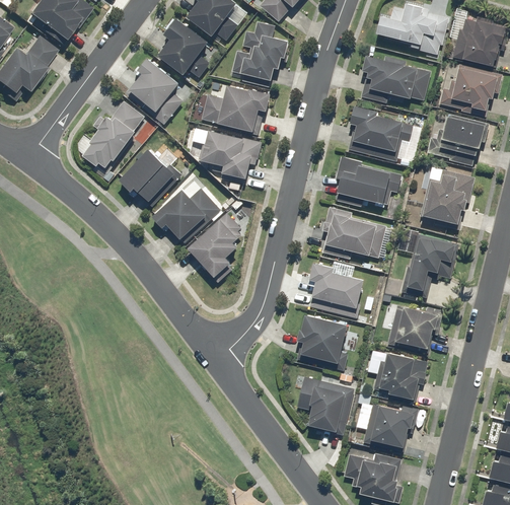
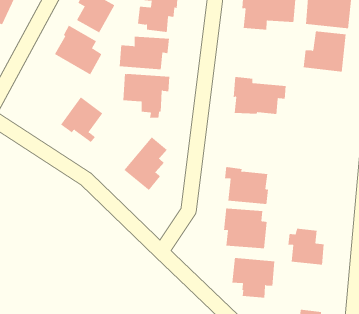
building: [78,100,145,181] -> none
building: [347,104,414,164] -> none
building: [420,165,475,229] -> none
building: [151,189,222,239] -> none
building: [323,205,387,260] -> none
building: [402,233,455,296] -> none
building: [385,303,445,355] -> none
building: [357,393,420,451] -> none

